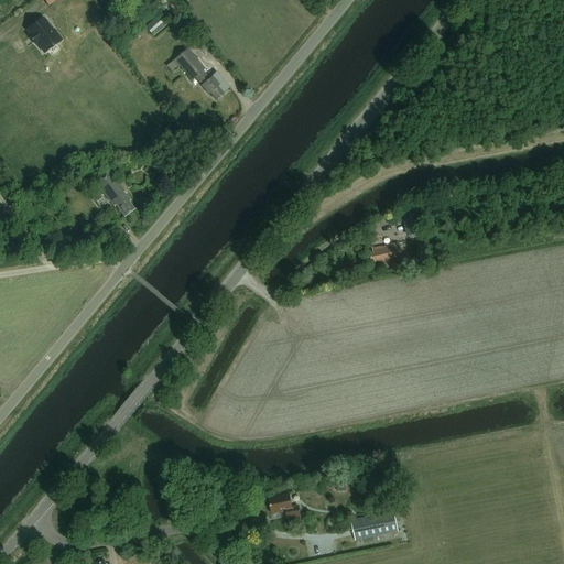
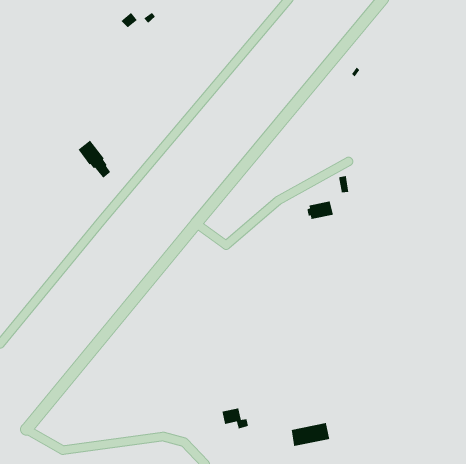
building: [25,15,63,53] -> none
building: [166,47,223,98] -> none

